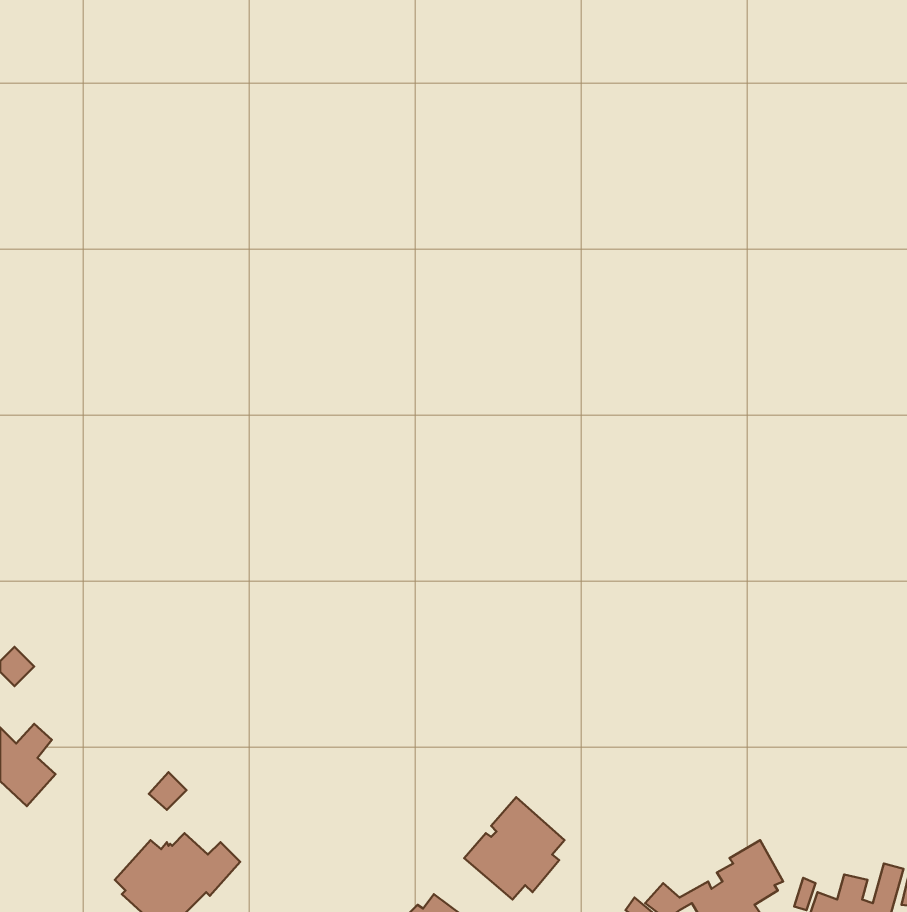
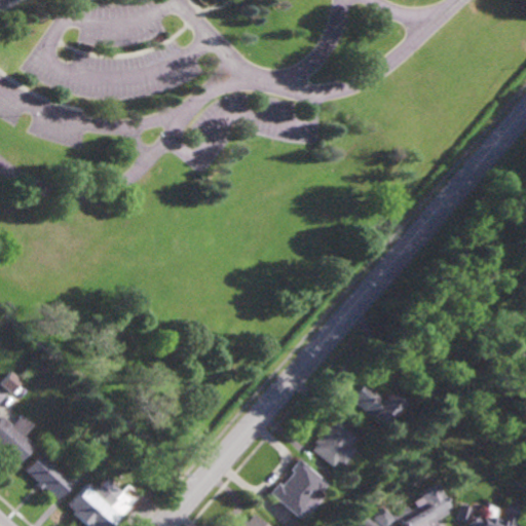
building: none -> [351,381,407,428]
building: none -> [313,421,360,467]
building: none -> [27,454,74,499]

